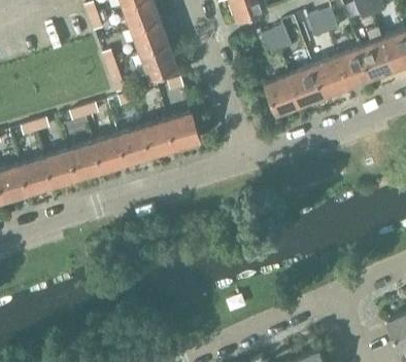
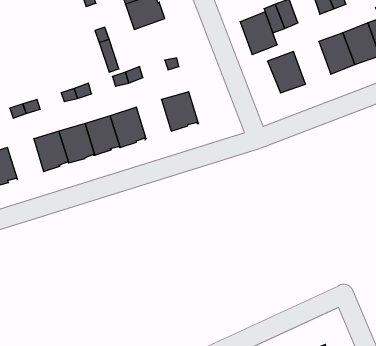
building: [138,44,176,79] -> none
building: [289,66,324,106] -> [240,12,277,55]
building: [140,120,173,157] -> none
building: [19,157,53,195] -> none

